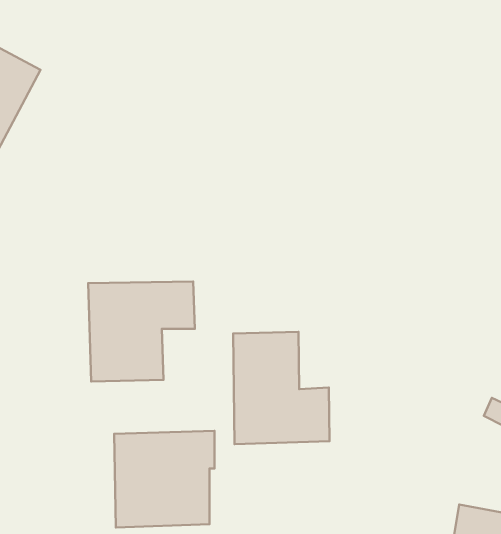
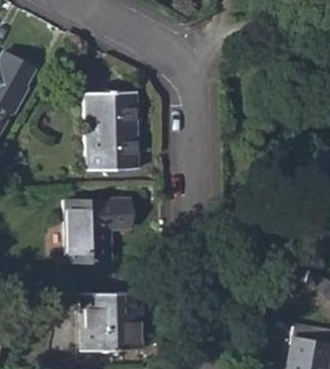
building: none -> [85,90,138,171]
building: [233,332,330,444] -> none

